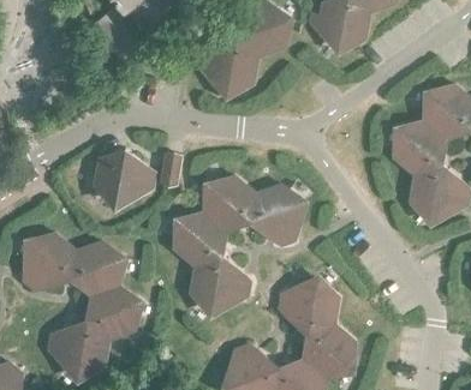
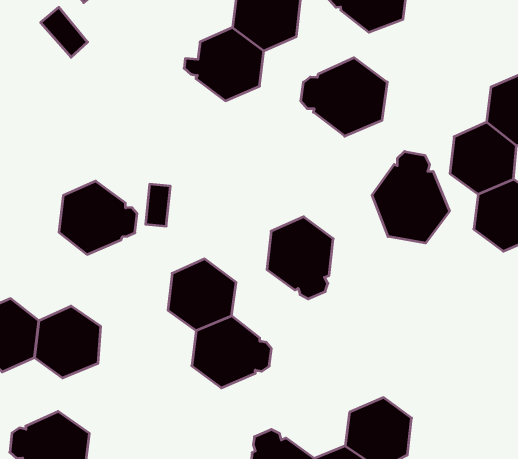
building: none -> [301,58,387,136]
building: none -> [372,151,449,243]
building: [204,178,256,232] -> none
building: [279,281,339,335] -> none
building: [87,287,139,340] -> none

